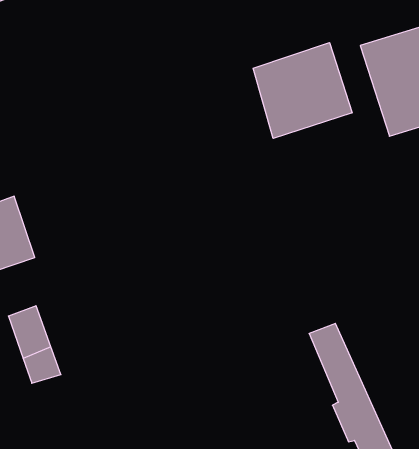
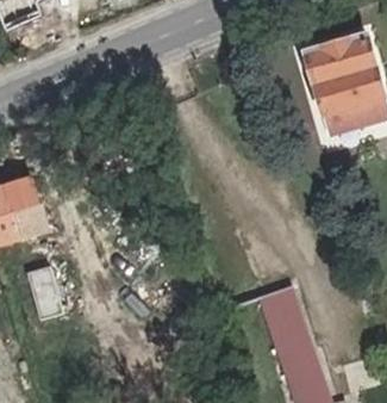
building: [253,43,352,138] -> none

